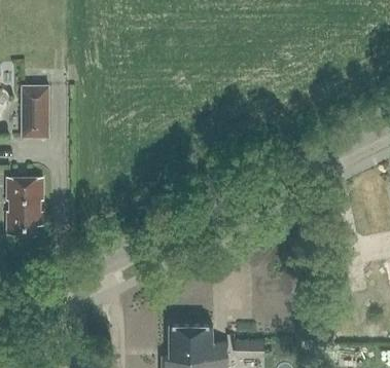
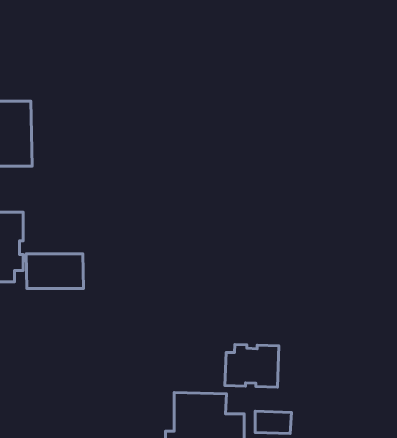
building: none -> [26,254,83,288]
building: none -> [225,344,279,387]

